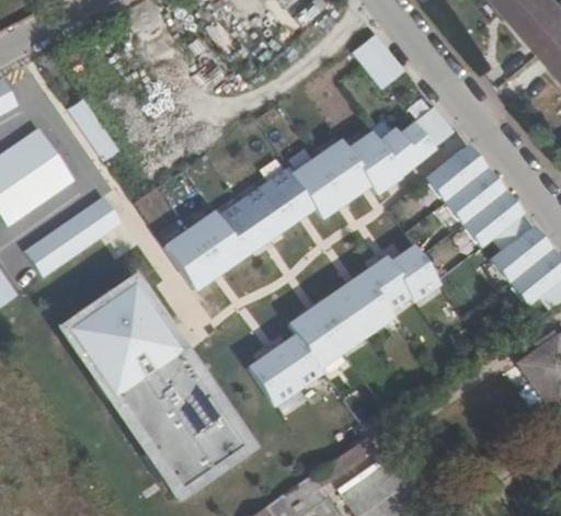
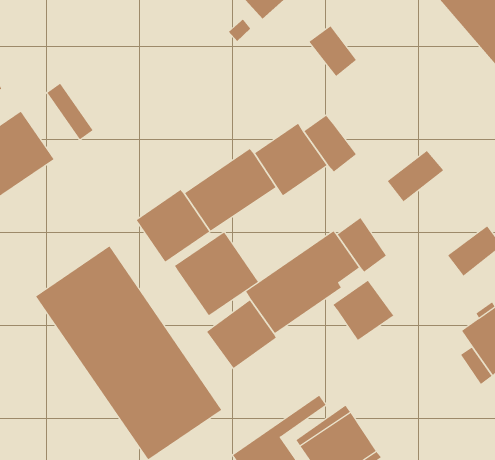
building: [381,105,455,173] -> none
building: [421,145,483,203] -> none
building: [457,191,520,249] -> none
building: [25,194,124,277] -> none
building: [488,227,549,284] -> none
building: none -> [174,232,259,316]
building: none -> [333,280,394,341]

